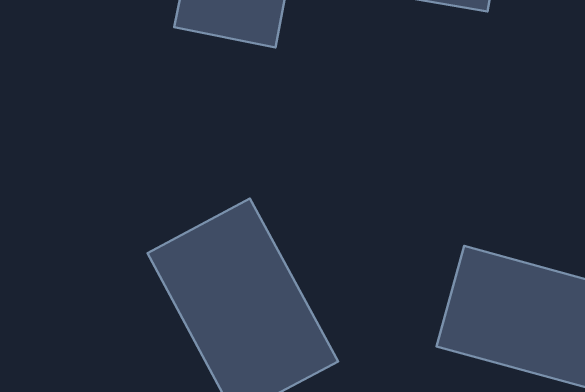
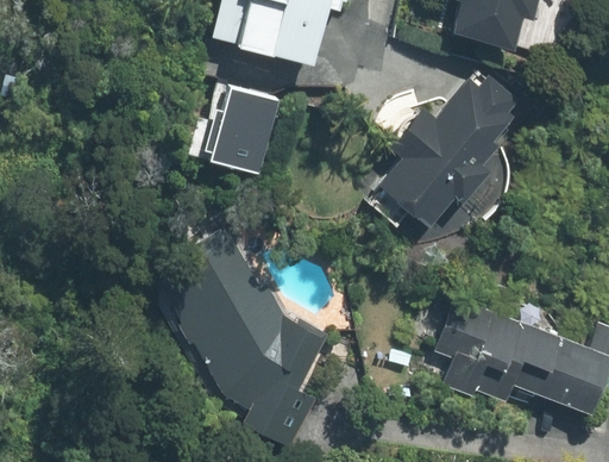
building: none -> [373,68,528,236]
building: none -> [211,87,283,174]

